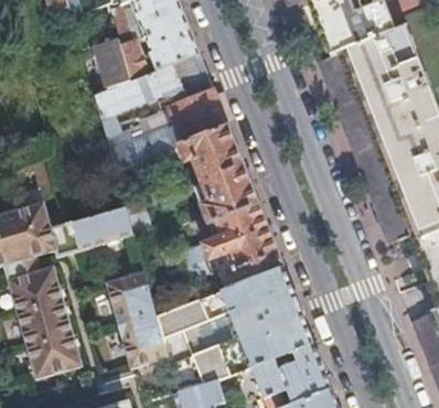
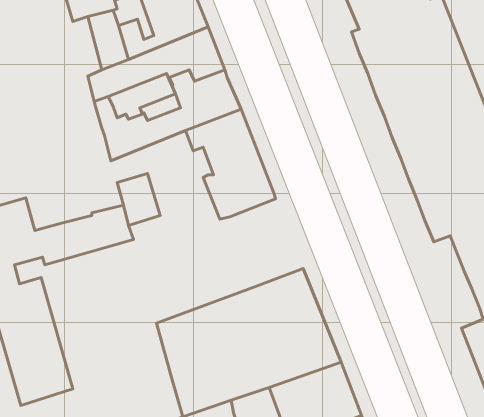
building: [183,200,281,276] -> none
building: [106,272,167,366] -> none

